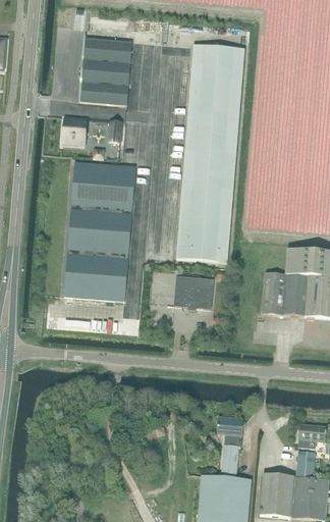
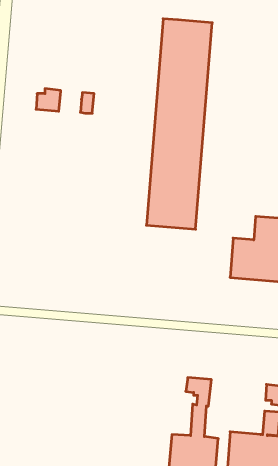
building: [78,37,130,104] -> none
building: [63,161,134,301] -> none
building: [173,275,212,308] -> none

